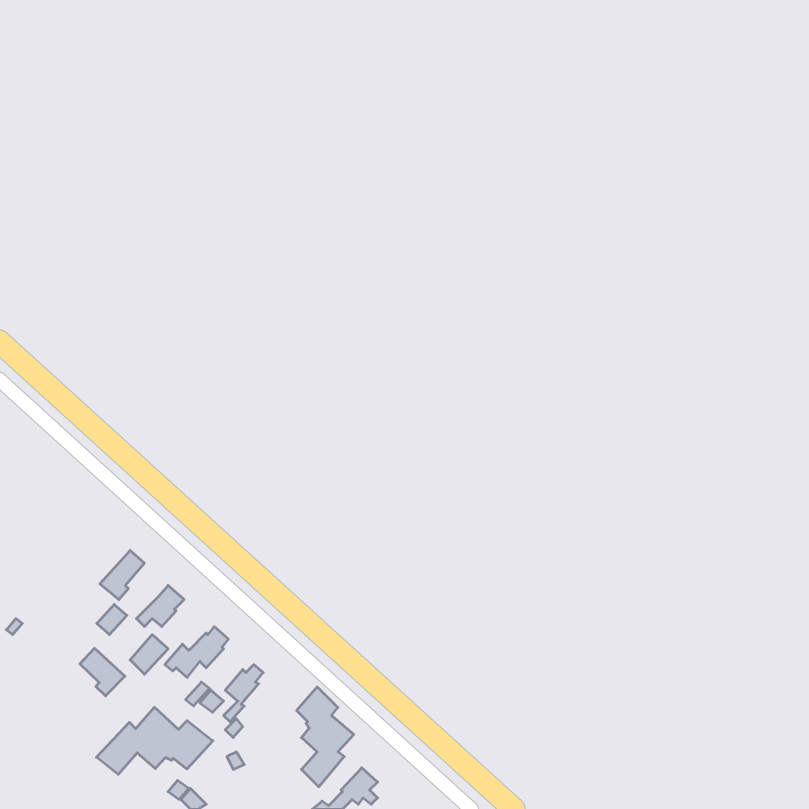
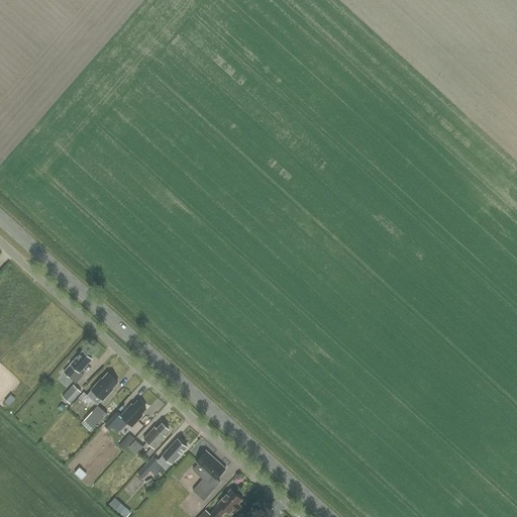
building: [80,648,125,696] -> none
building: none -> [157,437,188,464]
building: [96,707,213,774] -> none

